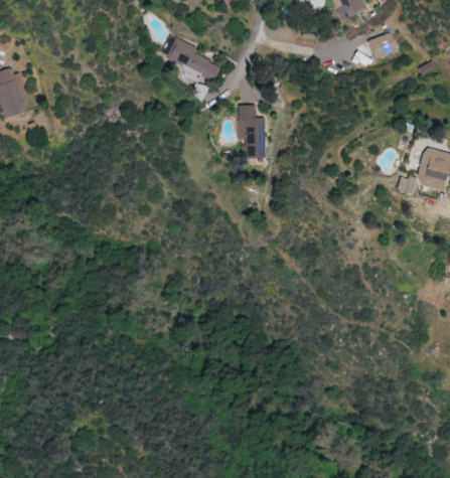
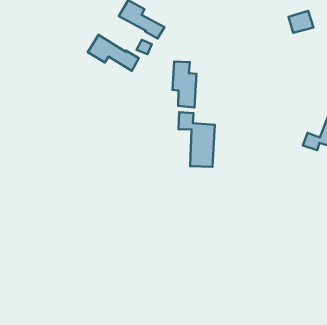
building: none -> [88,35,139,71]
building: none -> [178,112,215,167]

